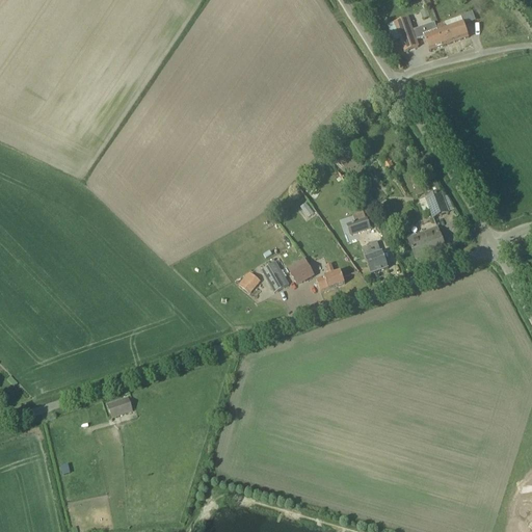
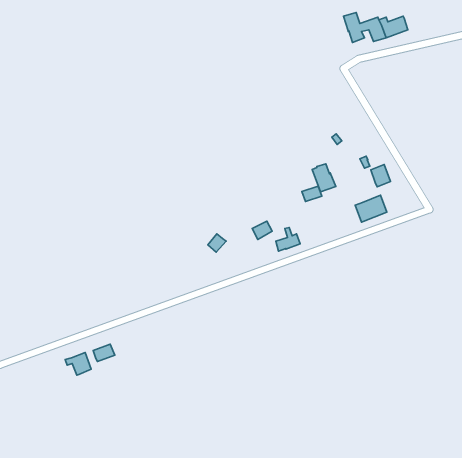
building: [362,239,389,271] -> [312,164,336,192]
building: [262,260,288,291] -> none
building: none -> [65,352,91,375]

